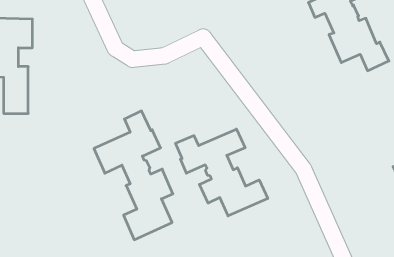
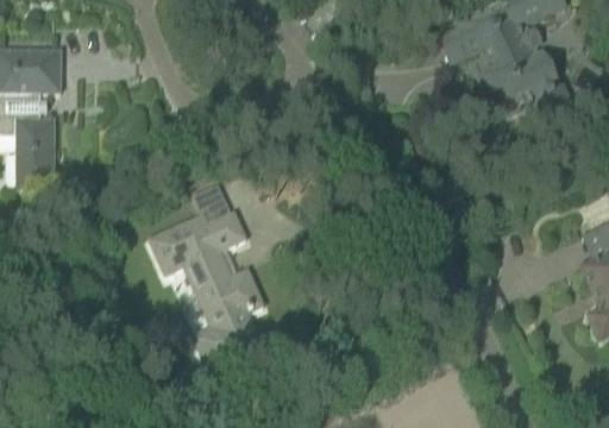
building: [176,129,268,216] -> none

